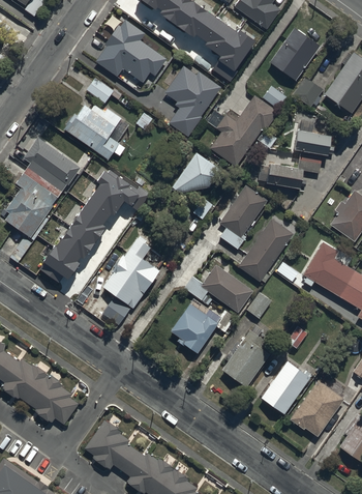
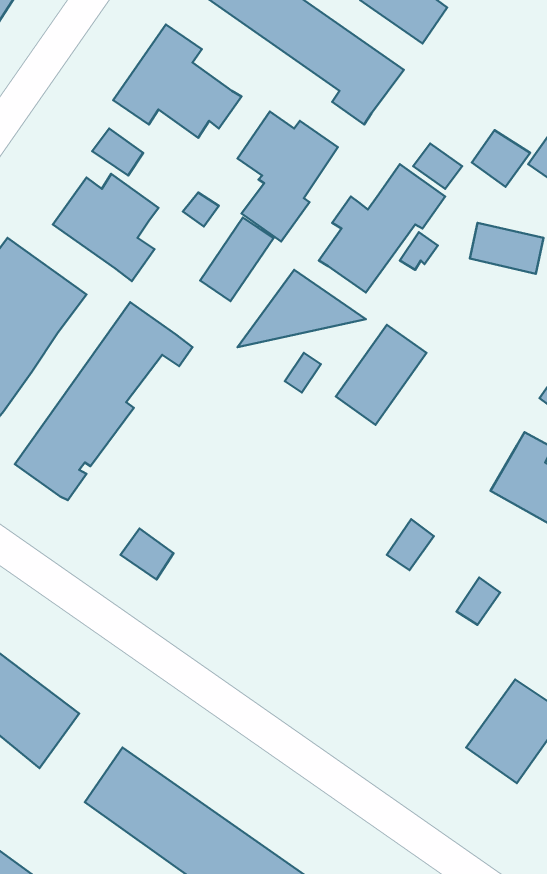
building: [269,28,320,82] -> none
building: none -> [200,218,273,301]
building: [267,153,324,188] -> none
building: [238,219,296,283] -> none
building: [103,238,160,309] -> none
building: [183,265,254,314] -> none
building: [170,306,219,354] -> none
building: [220,330,270,387] -> none
building: [262,360,312,414] -> none

